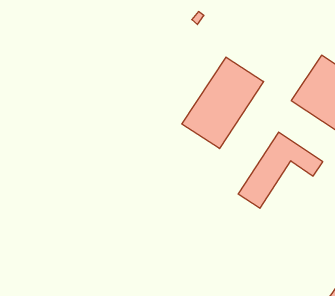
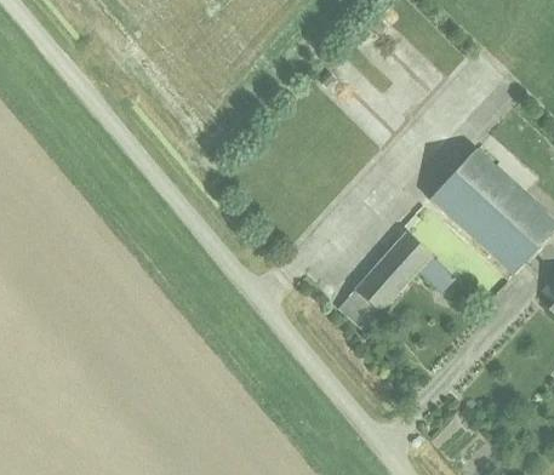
building: [182,57,264,149] -> none

